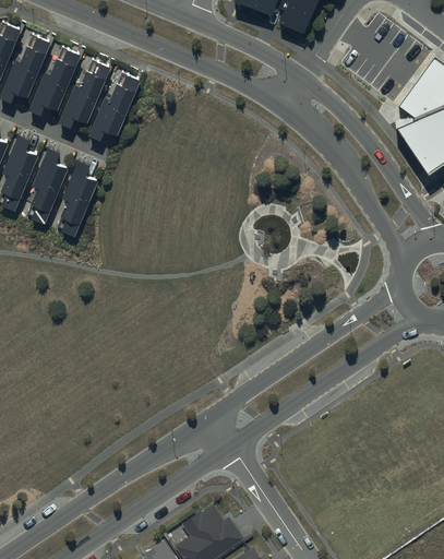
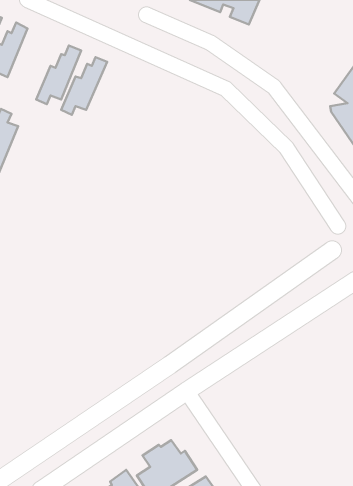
building: [29,45,80,111] -> none
building: [32,142,69,218] -> none
building: [62,154,100,231] -> none

